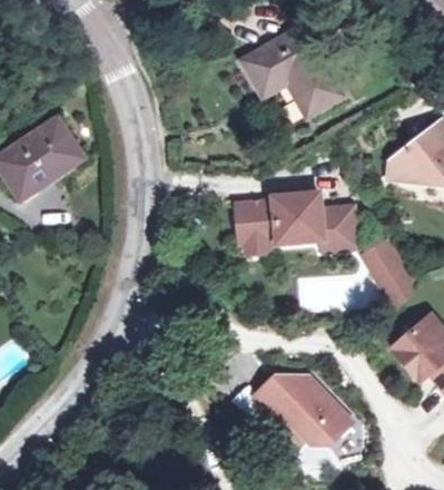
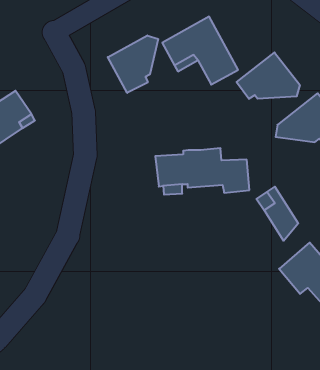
building: none -> [108,35,158,93]
building: none -> [237,52,300,99]
building: [254,374,349,442] -> none

